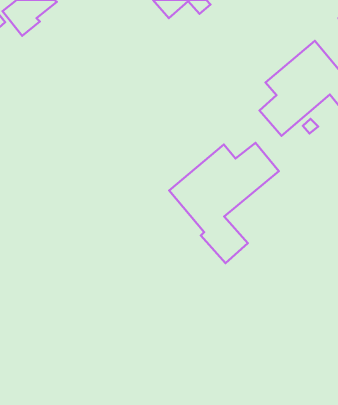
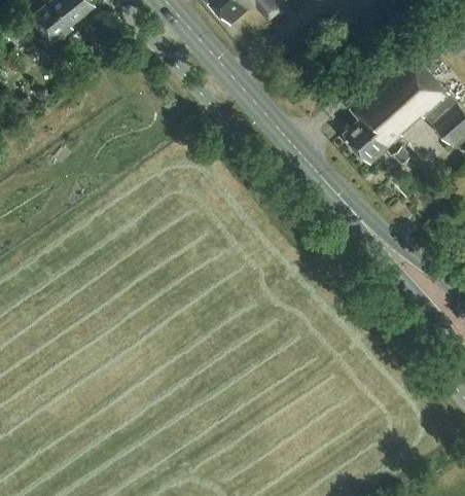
building: [169,143,279,263] -> none

